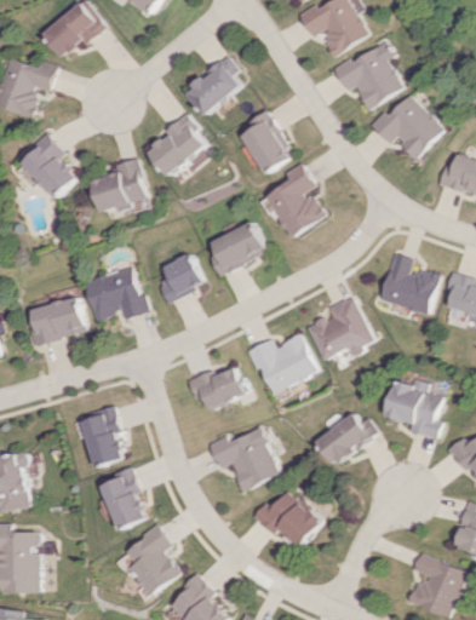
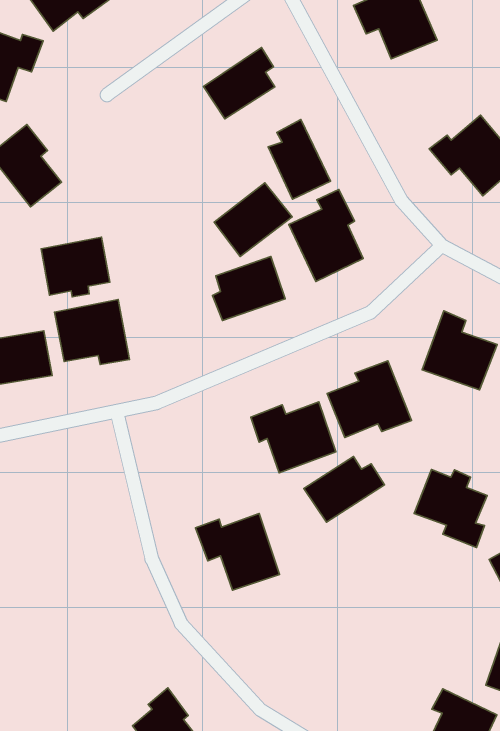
building: [334,40,405,109] -> none
building: [147,116,208,177] -> [214,183,292,256]
building: [91,162,148,212] -> [41,237,110,297]
building: [156,254,202,303] -> none
building: [188,367,247,409] -> none
building: [80,406,127,469] -> none
building: [314,413,378,467] -> [304,456,385,522]
building: [102,466,150,530] -> none
building: [253,490,323,549] -> none
building: [124,526,184,596] -> none

